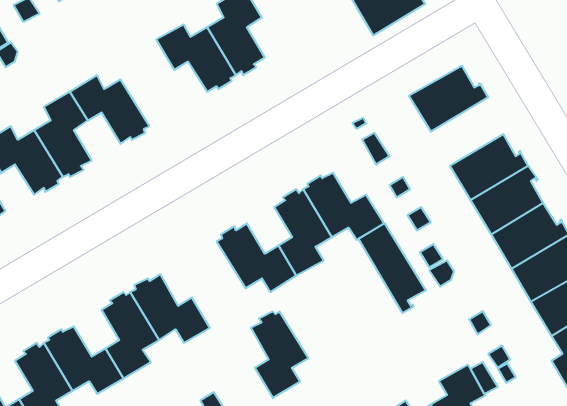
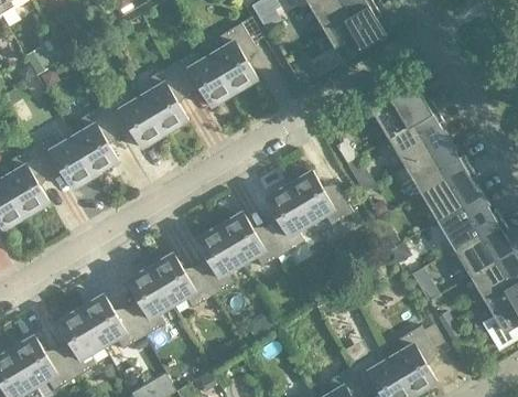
building: none -> [140,65,186,135]
building: none -> [389,111,447,167]
building: [358,223,426,313] -> none
building: [251,311,308,398] -> [194,227,240,297]

